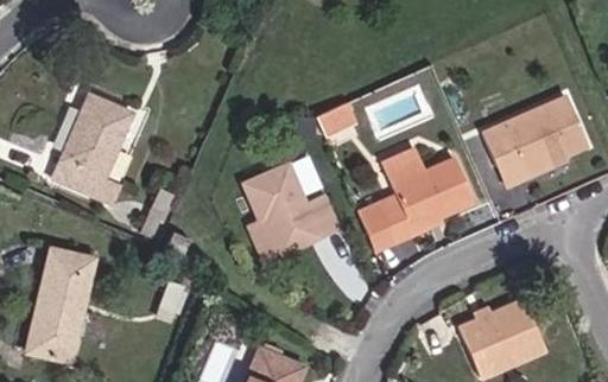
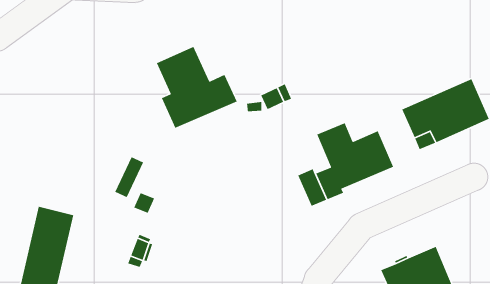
building: [55,96,132,204] -> none
building: [242,164,340,262] -> [156,46,238,129]

